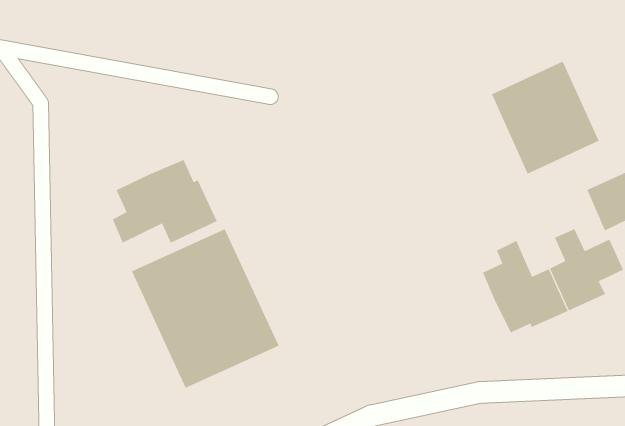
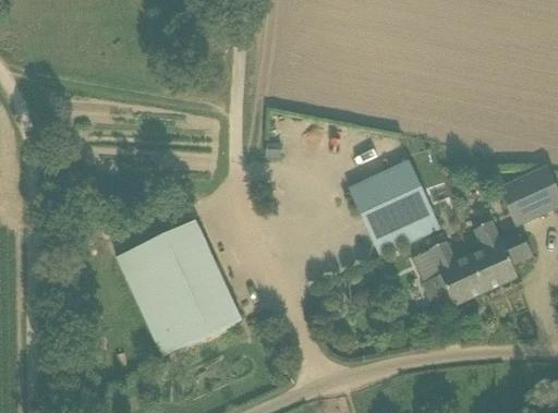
building: [491,61,599,174] -> [349,159,440,255]
building: [112,159,218,243] -> none

